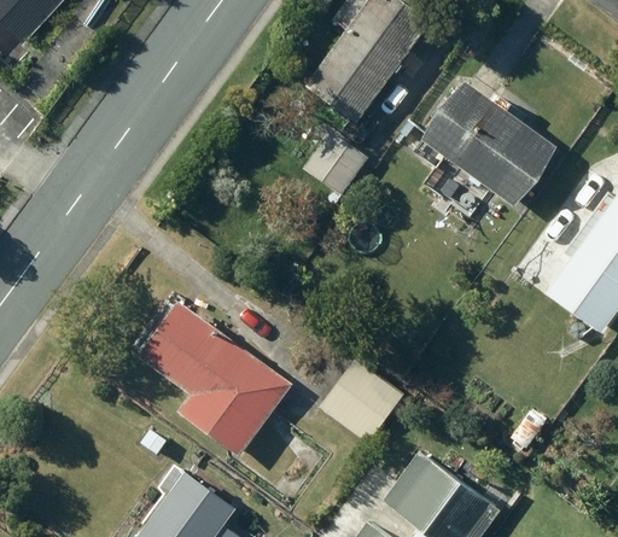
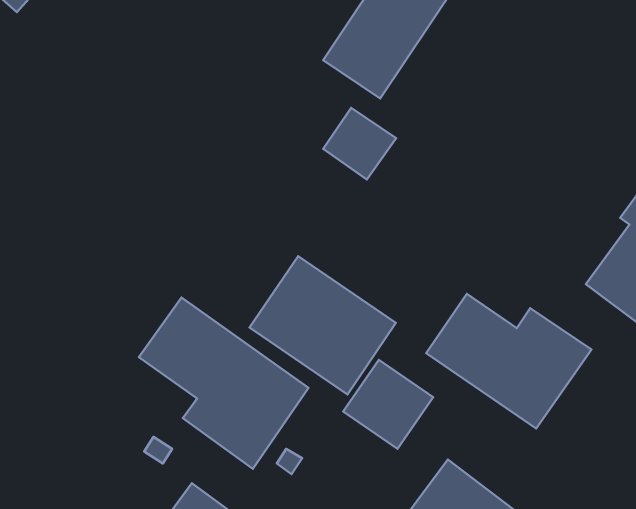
building: [416,80,555,205] -> none
building: none -> [250,256,396,394]
building: none -> [426,294,592,428]

